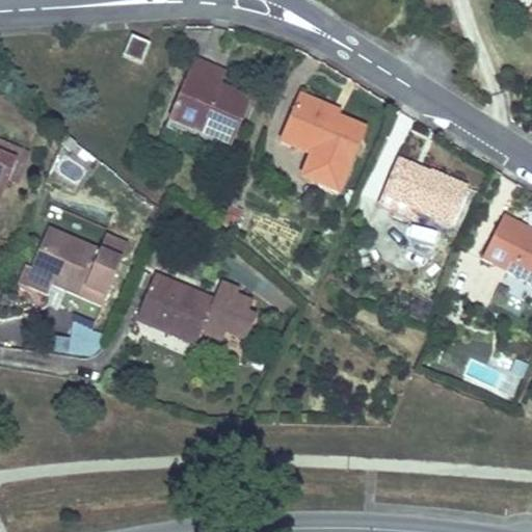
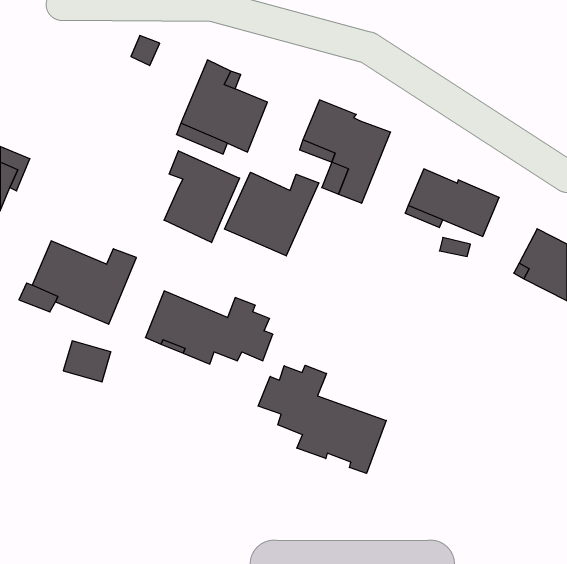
building: none -> [164,151,240,243]
building: none -> [224,172,319,256]
building: none -> [258,365,386,473]

